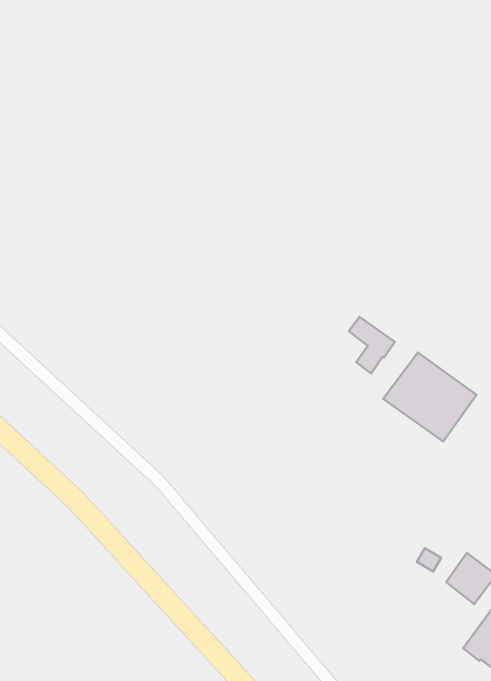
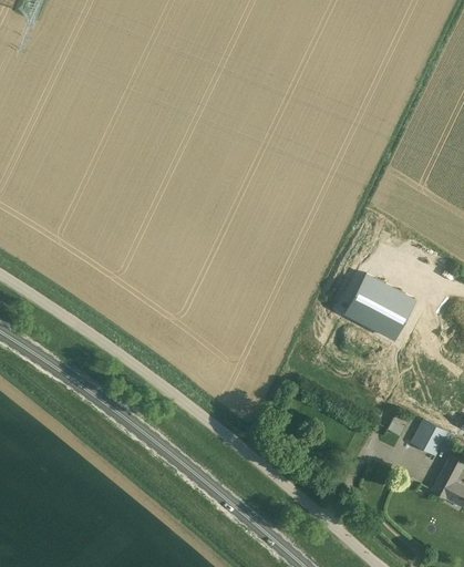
building: [349,317,395,373] -> none

